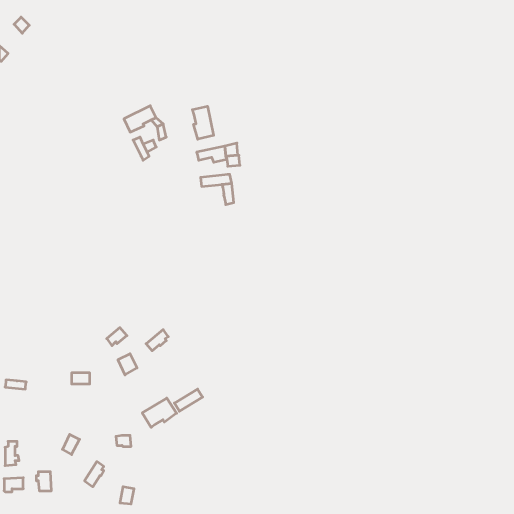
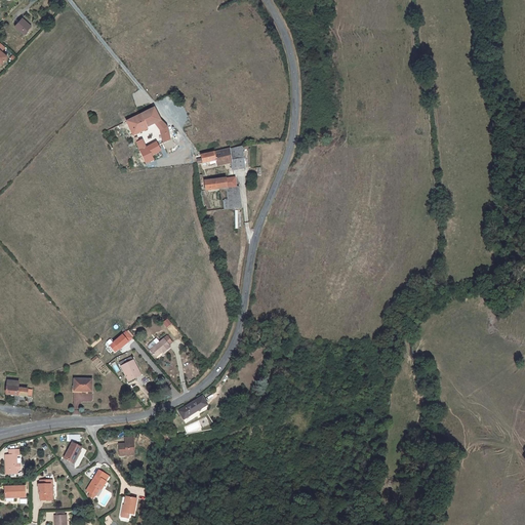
building: [192,106,214,139] -> none
building: [142,398,177,427] -> none

